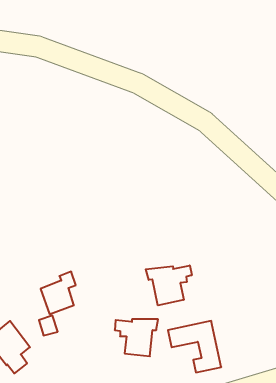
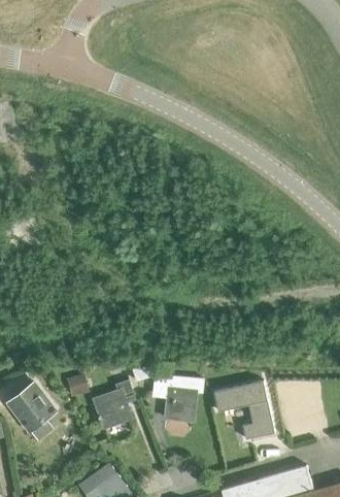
building: [146,265,192,305] -> none
building: [41,272,76,314] -> [94,380,134,429]

